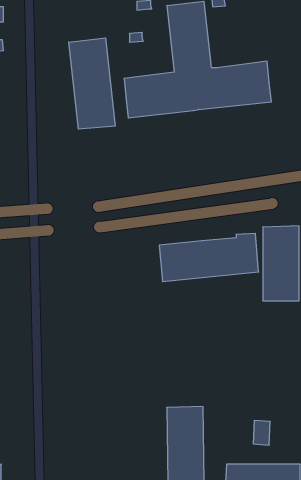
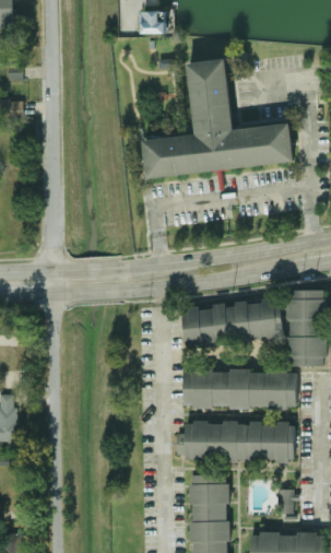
building: [69,38,115,129] -> none
building: none -> [182,370,297,409]
building: none -> [175,422,294,461]

